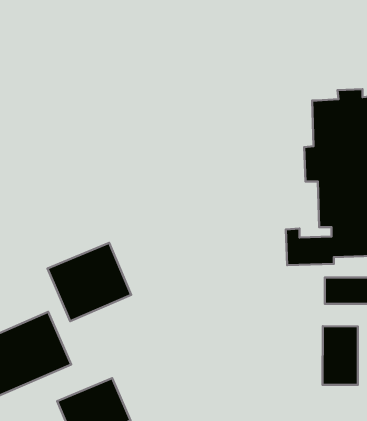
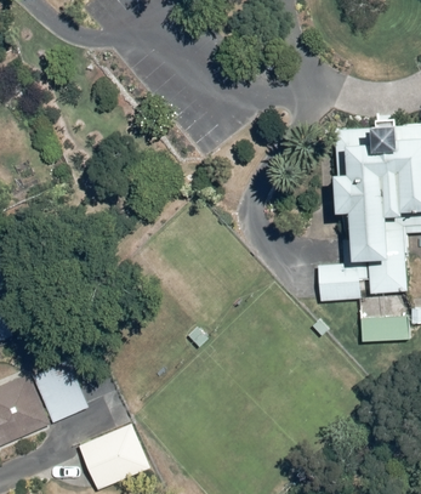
building: [47,243,131,321] -> none
building: [322,326,358,385] -> none

